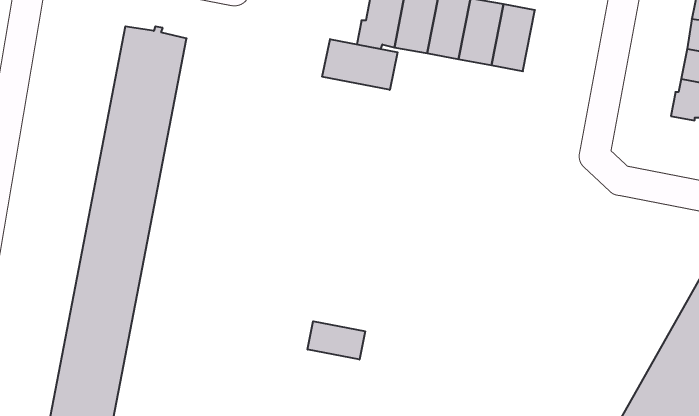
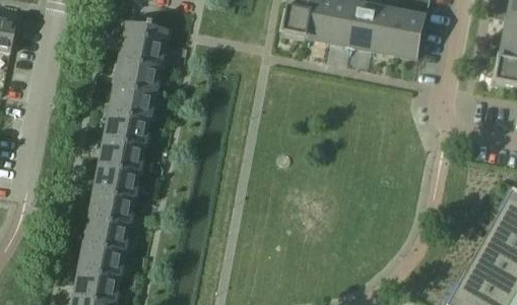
building: none -> [394,9,425,55]
building: [322,39,398,90] -> none
building: [308,321,365,360] -> none

